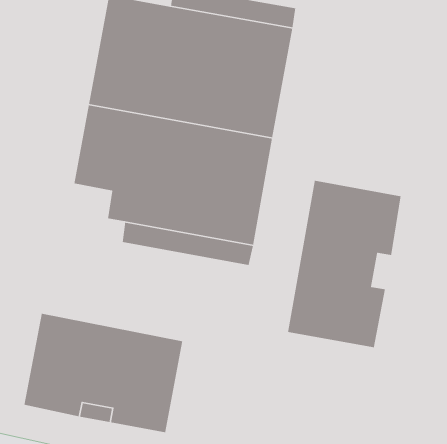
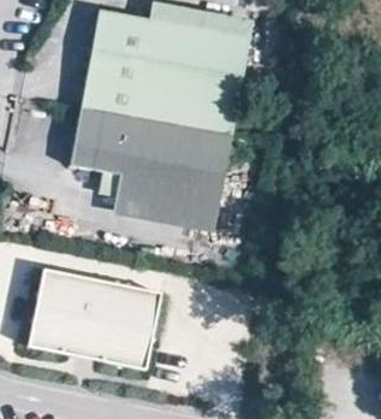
building: [287,180,402,348] -> none

